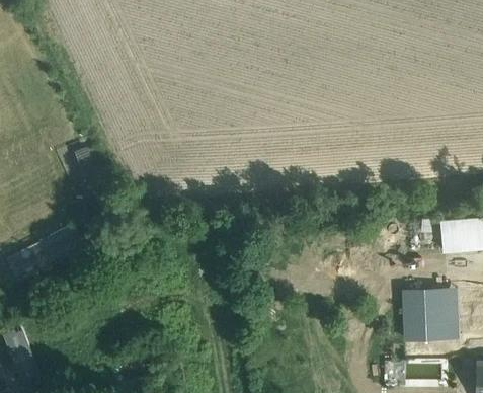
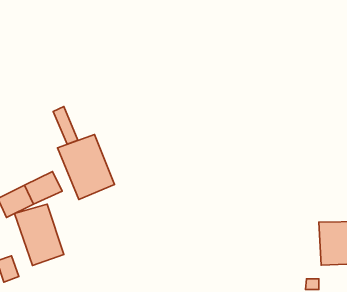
building: none -> [57,135,114,199]
building: none -> [14,204,64,265]

